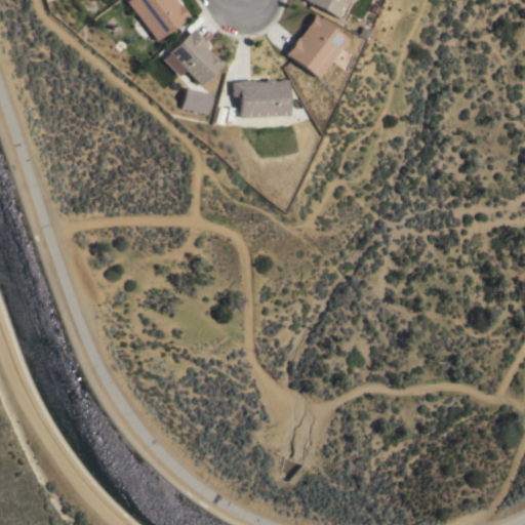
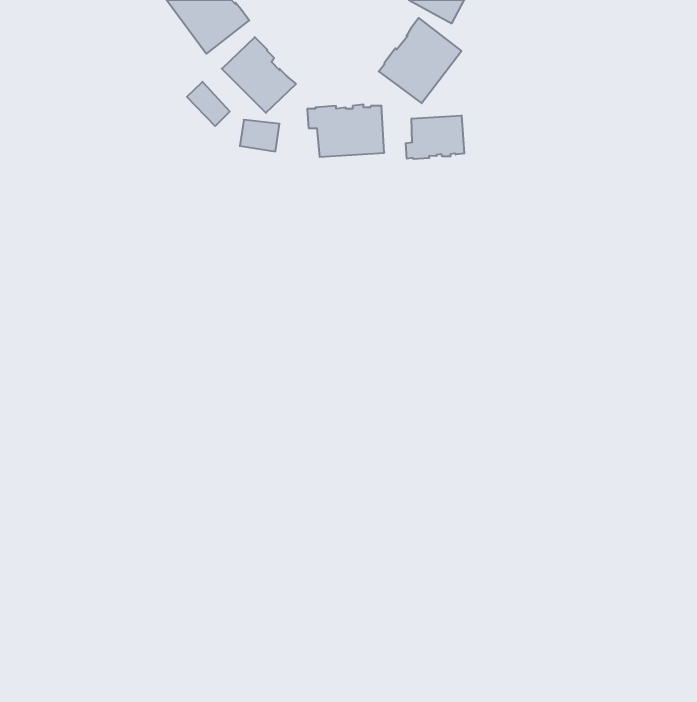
building: none -> [187,82,230,126]
building: none -> [406,115,464,159]

